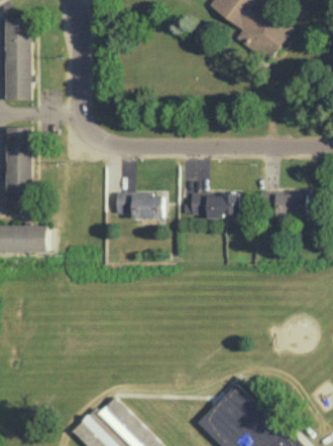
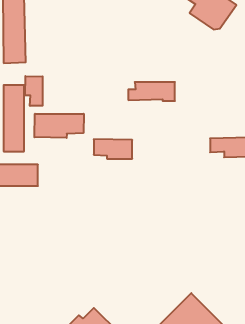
building: none -> [25,76,43,106]
building: none -> [34,114,84,138]
building: [183,193,240,216] -> [128,82,175,101]

